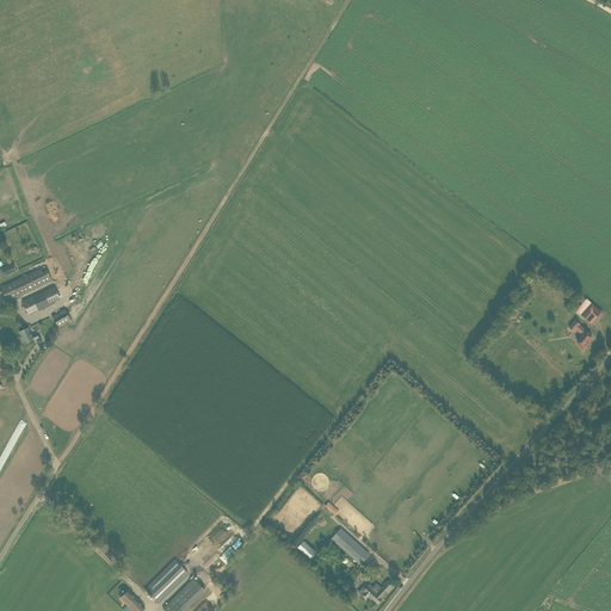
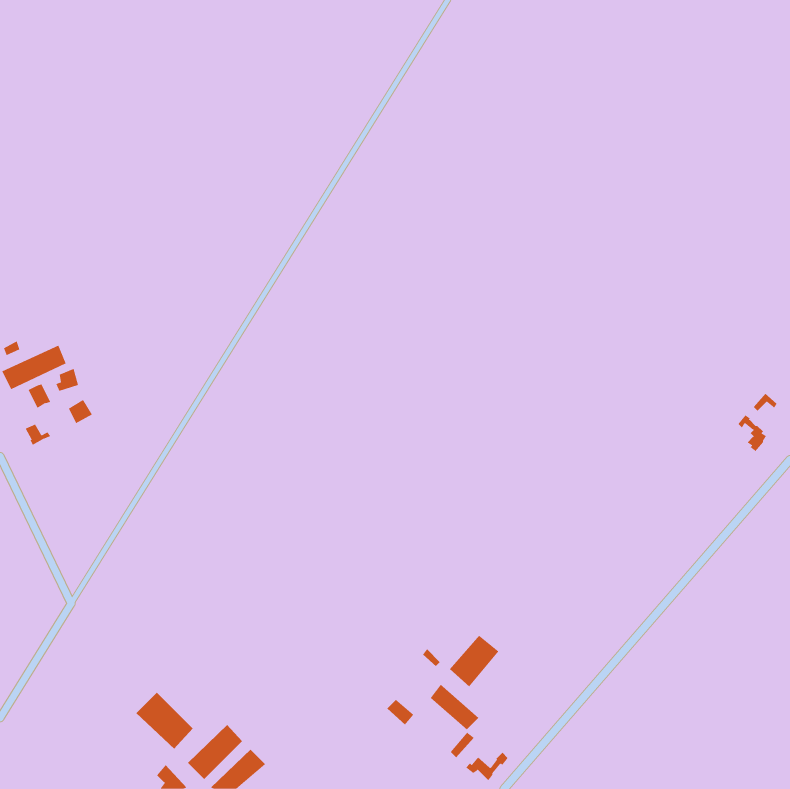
building: none -> [449,635,499,687]
building: none -> [136,692,193,750]

